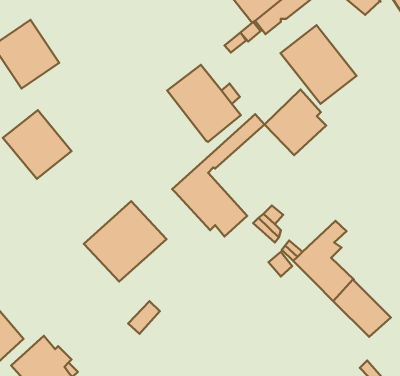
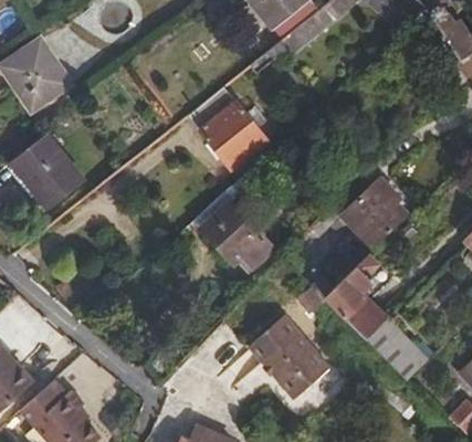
building: [281,25,357,104] -> none
building: [265,90,326,155] -> [343,177,409,248]
building: [84,201,167,282] -> none
building: none -> [248,315,331,400]

